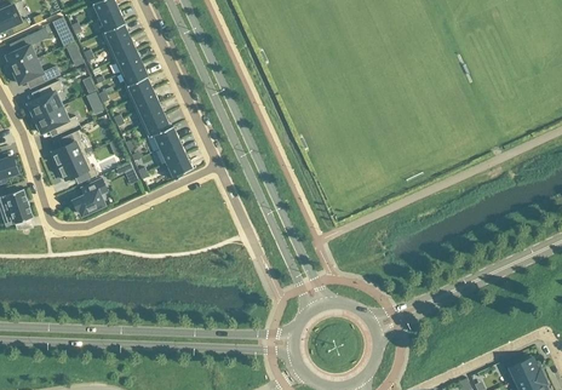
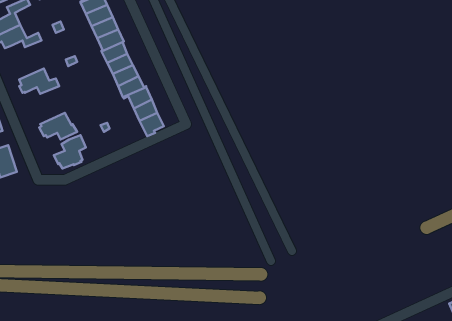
building: [27,80,63,117] -> none
building: [51,131,85,166] -> none

